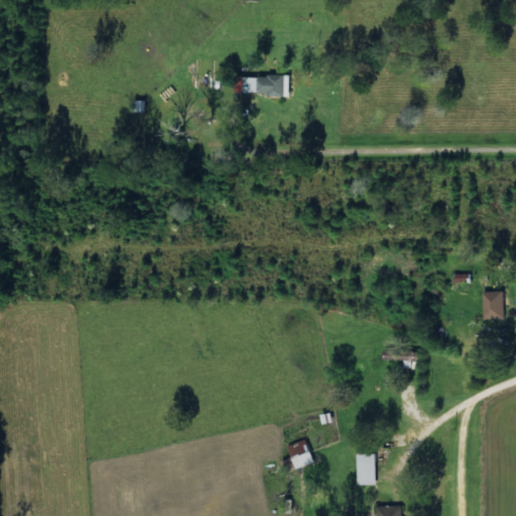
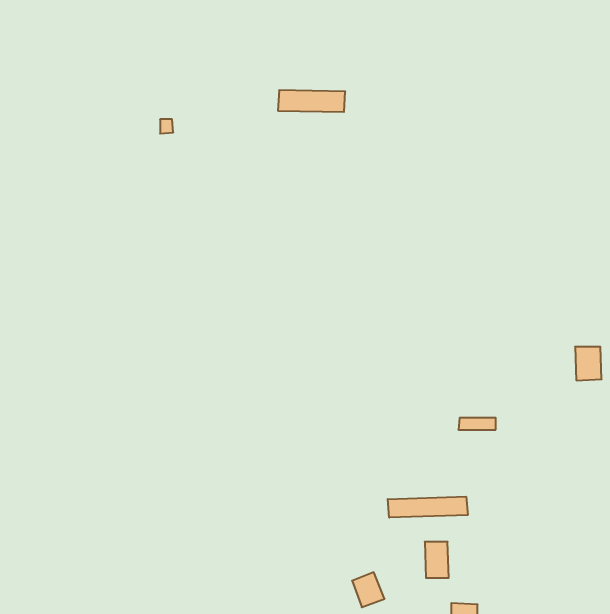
building: none -> [388,497,468,518]
building: [286,439,313,469] -> [352,572,385,607]

